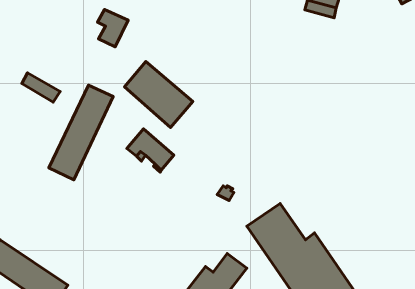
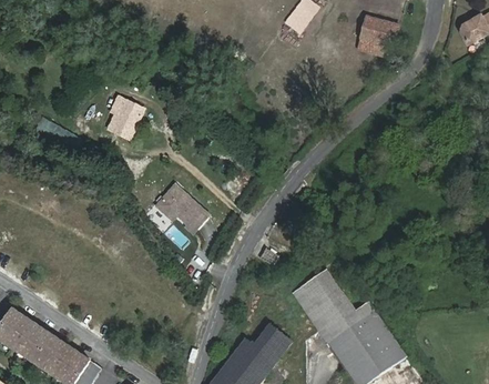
building: [98,9,128,47] -> [110,97,144,139]
building: [124,62,193,127] -> none
building: [49,85,113,180] -> none

